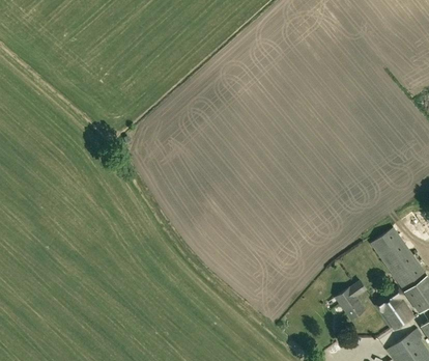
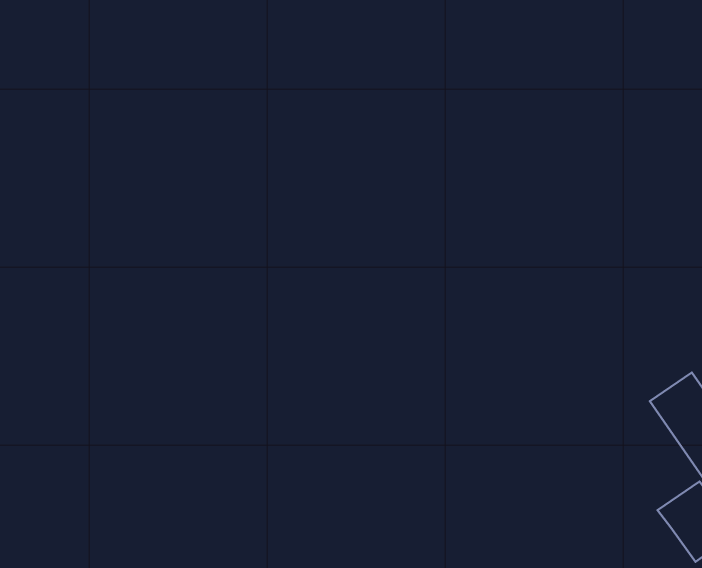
building: [337,281,367,320] -> none

